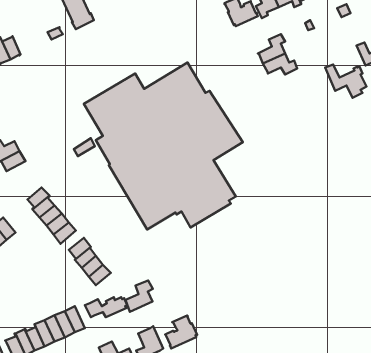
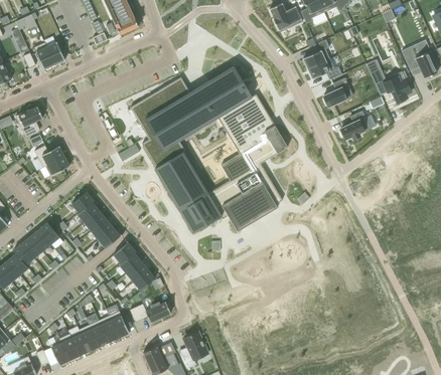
building: none -> [323,77,352,107]
building: none -> [339,111,371,140]
building: [125,280,153,312] -> none
building: [165,316,197,348] -> none

